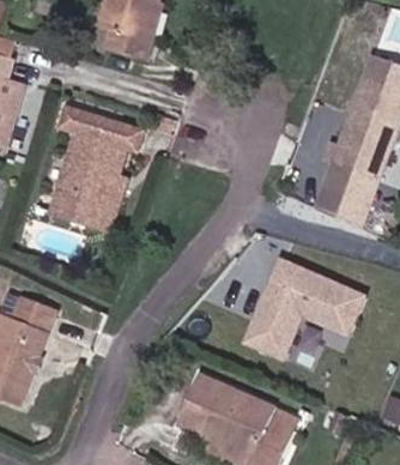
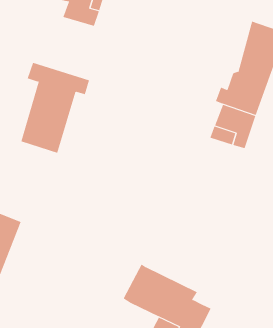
building: [237,260,359,361] -> none

